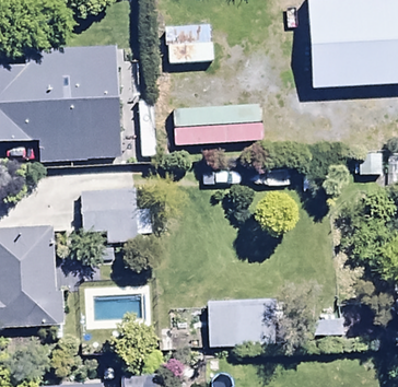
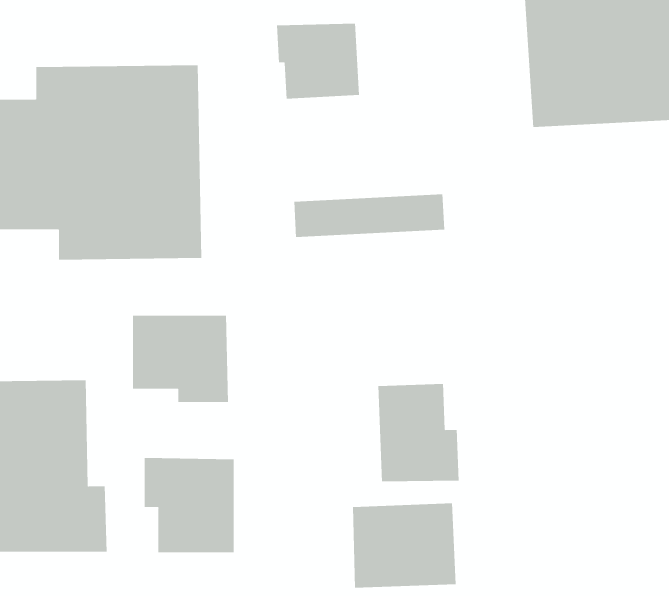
building: none -> [378,383,459,482]
building: none -> [144,457,234,553]

